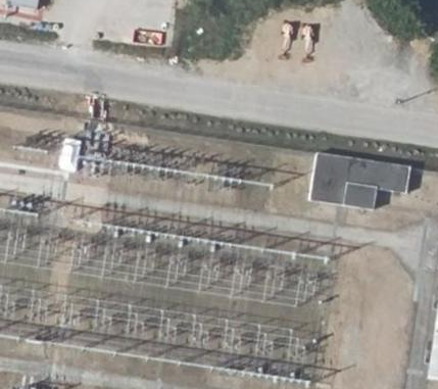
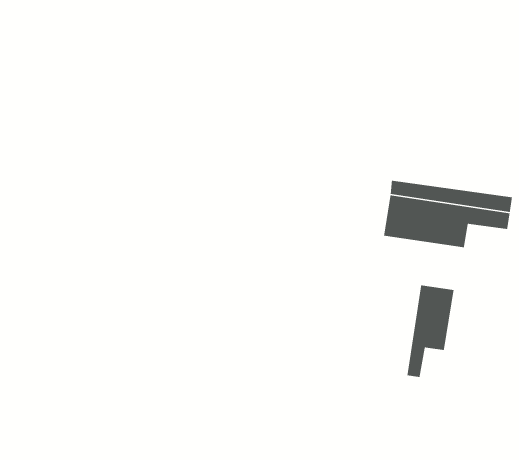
building: none -> [406,284,454,378]

